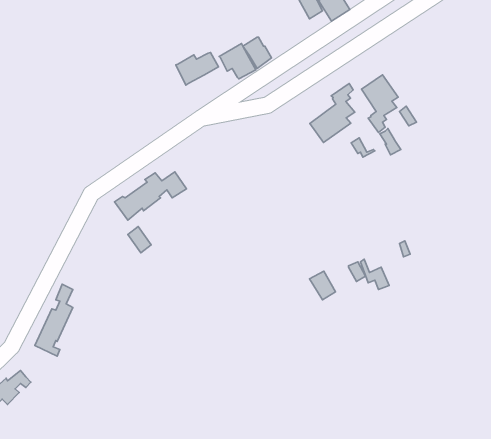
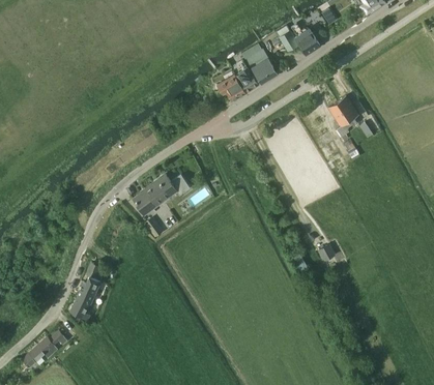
building: none -> [243,48,277,83]
building: [176,52,219,85] -> none
building: [310,83,355,142] -> none

